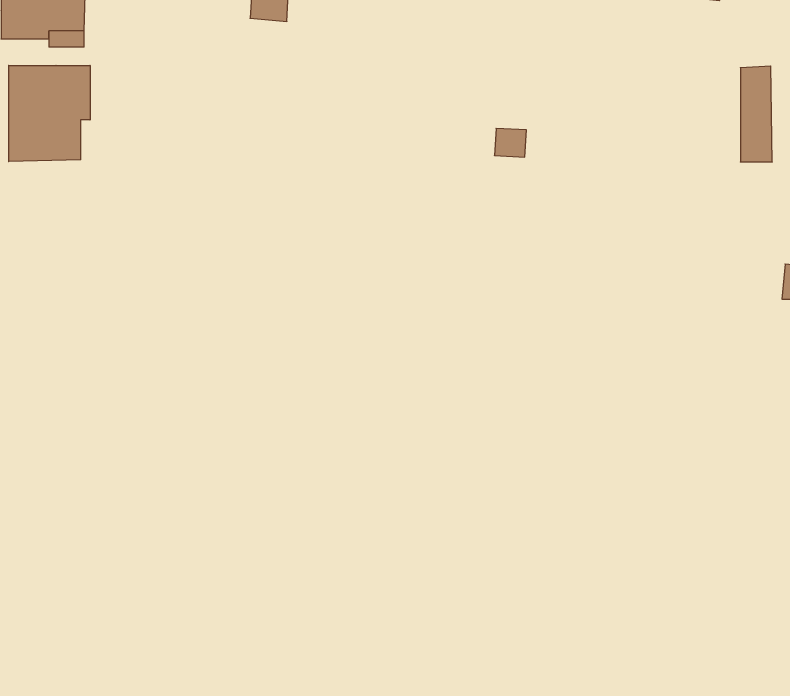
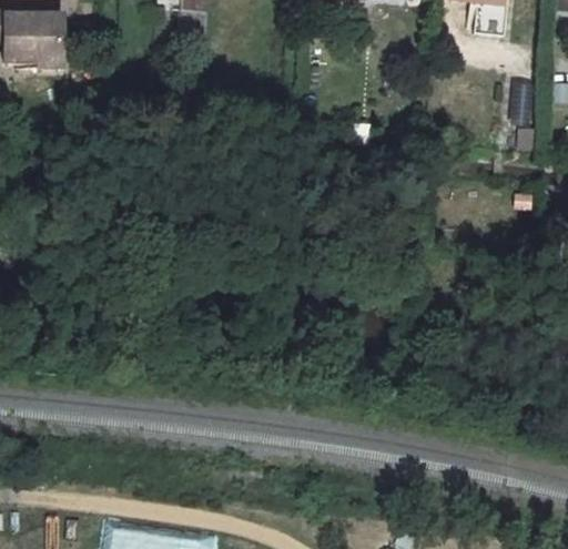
building: [9,65,90,162] -> none

